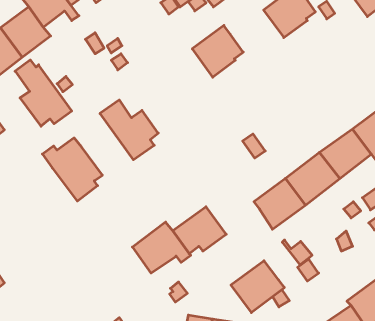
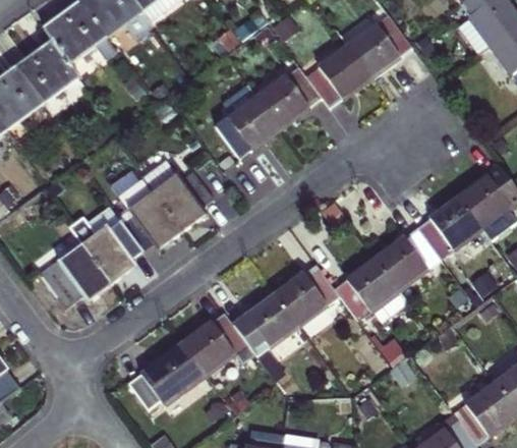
building: none -> [304,45,371,107]
building: none -> [216,81,282,157]
building: [15,60,72,126] -> [111,169,182,253]
building: none -> [39,243,112,306]
building: none -> [126,343,205,410]
building: [231,261,284,313] -> [274,262,341,327]

